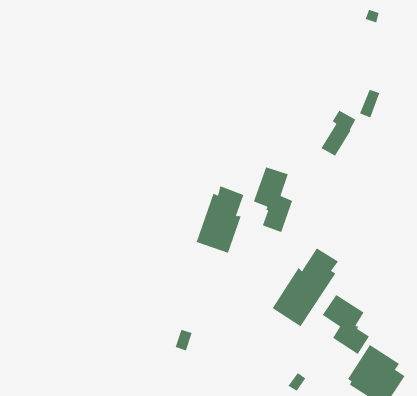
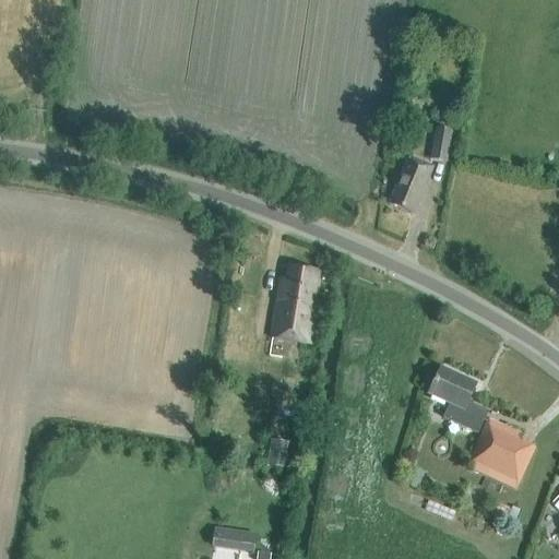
building: [253,166,293,233] -> none
building: [272,247,339,327] -> none

